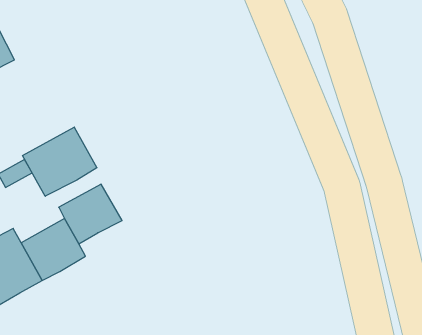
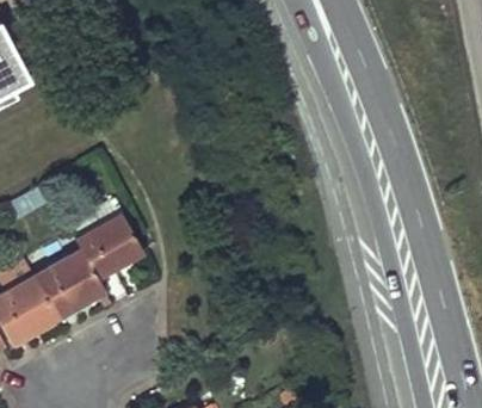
building: [23,127,97,196] -> none

